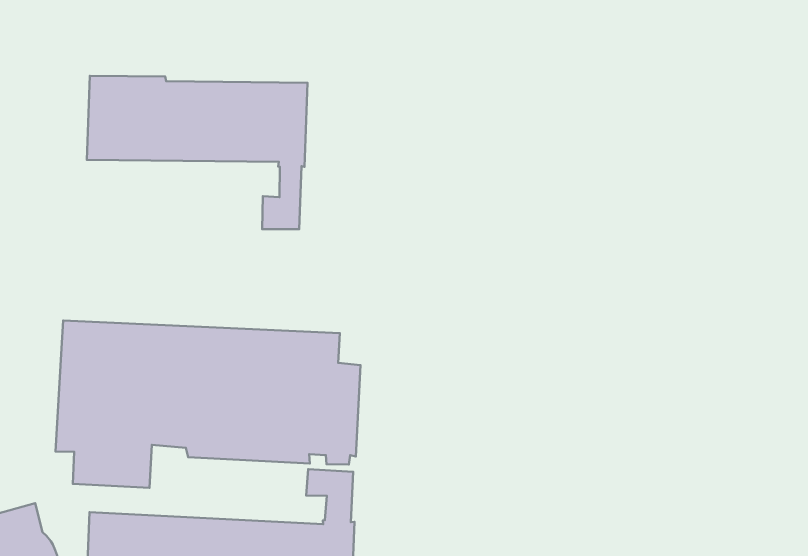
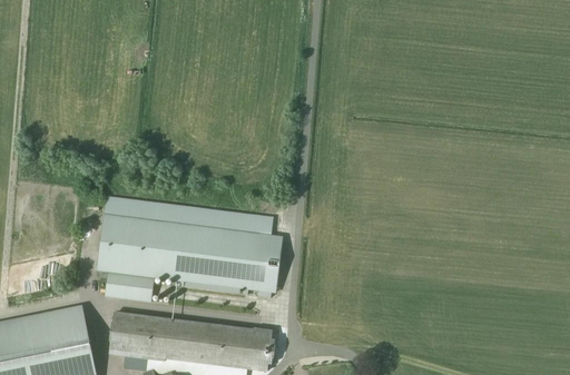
building: [87,76,307,229] -> none

